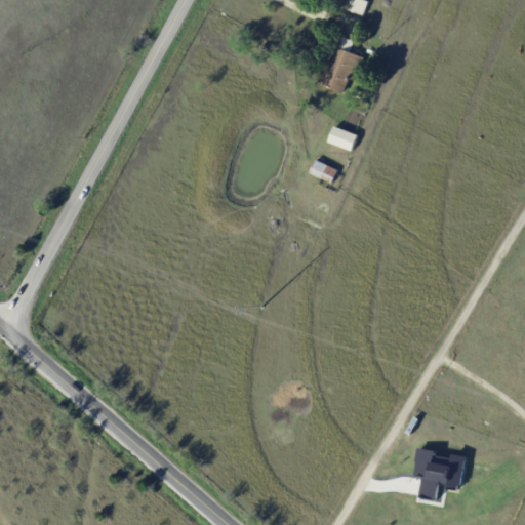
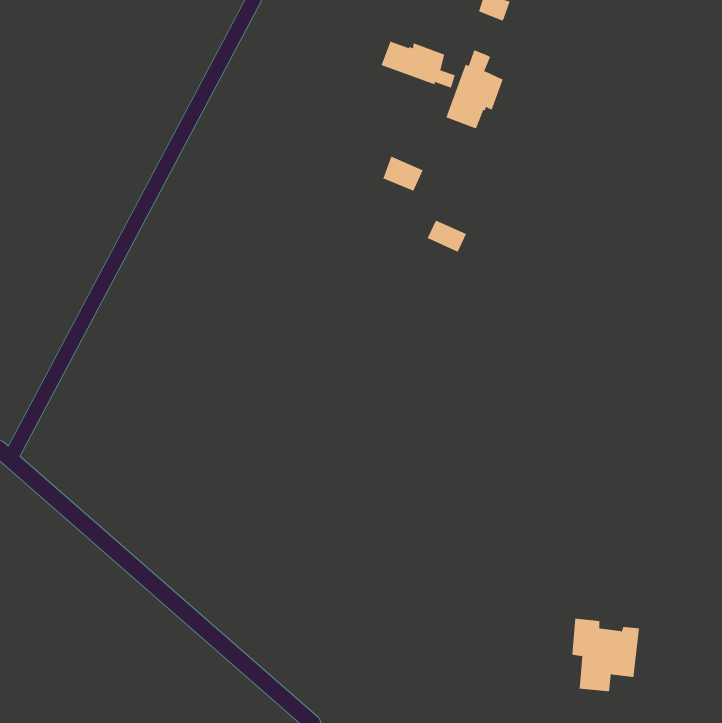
building: none -> [381,41,455,89]
building: [328,125,358,151] -> [382,156,424,191]

